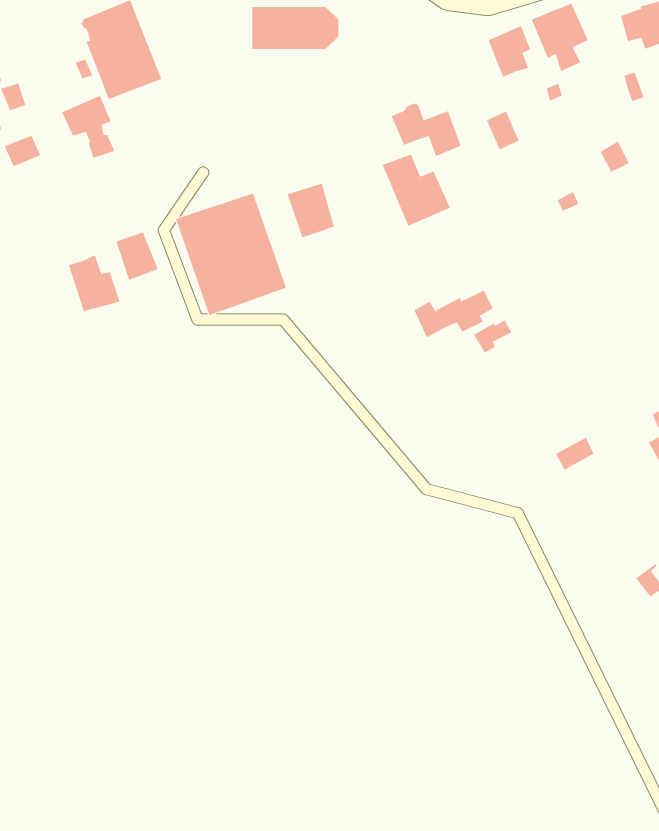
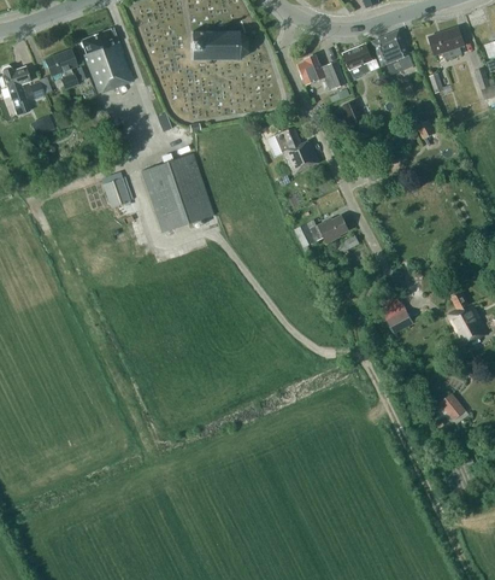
building: [61,95,115,159] -> [43,48,78,89]
building: [391,103,462,157] -> [297,55,343,90]
building: [287,183,335,238] -> none
building: [68,254,120,312] -> none

